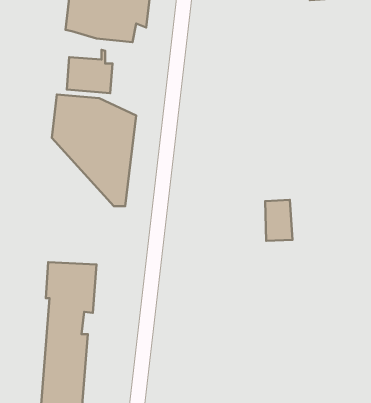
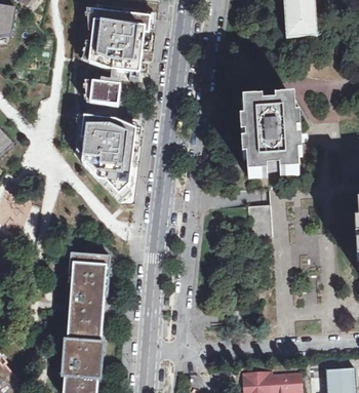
building: none -> [240,99,303,176]

